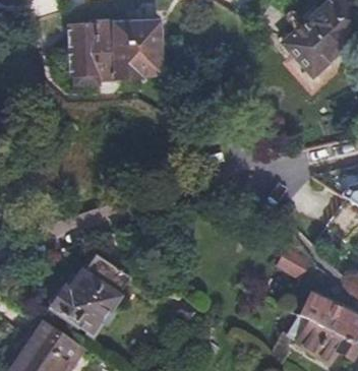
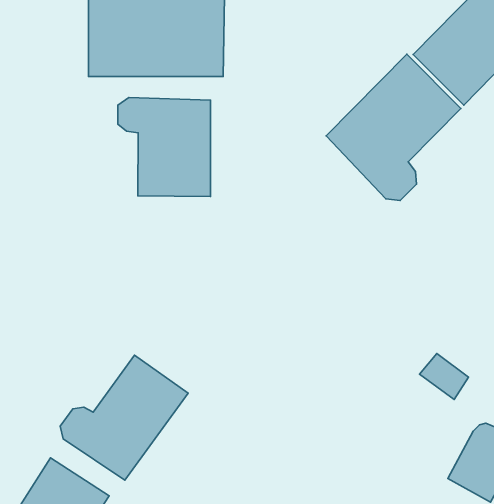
building: none -> [326,54,461,200]
building: none -> [118,98,210,197]

